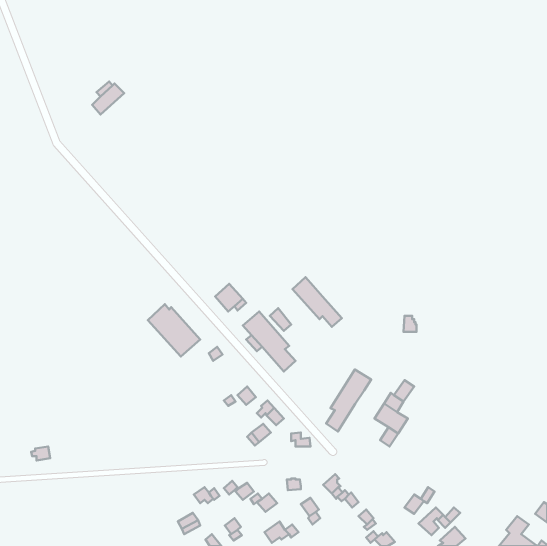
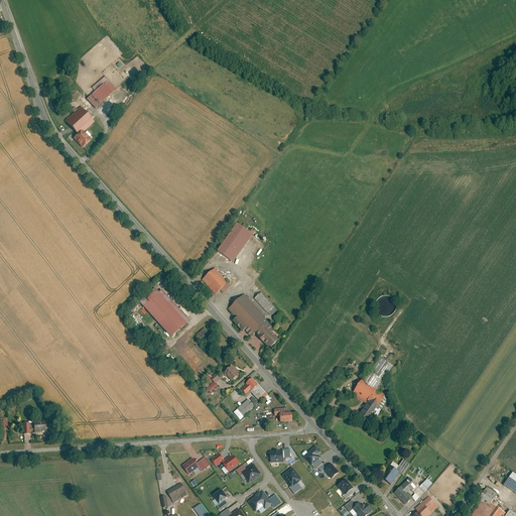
building: none -> [66,107,94,147]
building: none -> [217,223,252,261]
building: [293,277,342,327] -> none
building: [326,369,371,431] -> none

